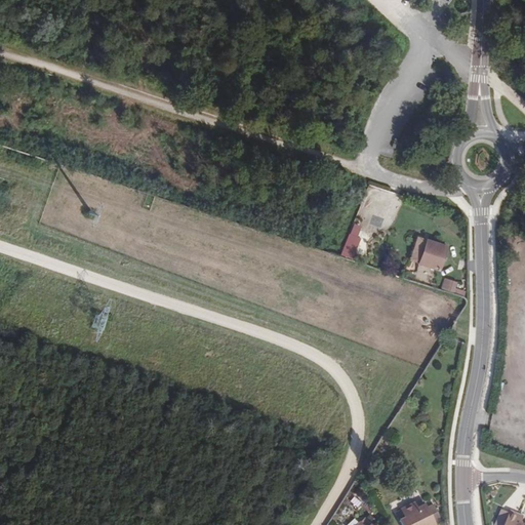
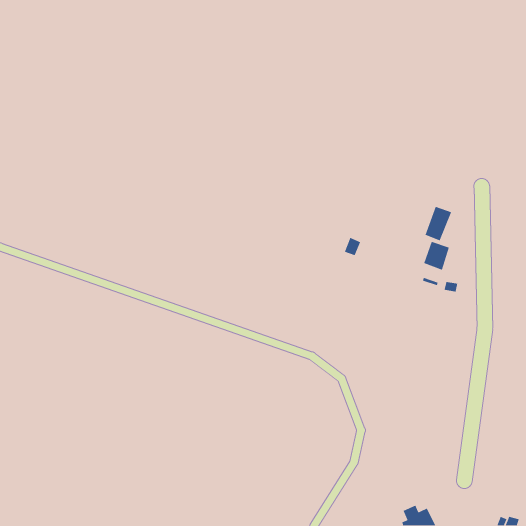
building: none -> [424,206,452,242]

